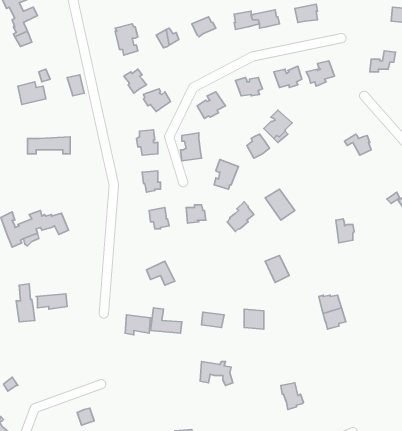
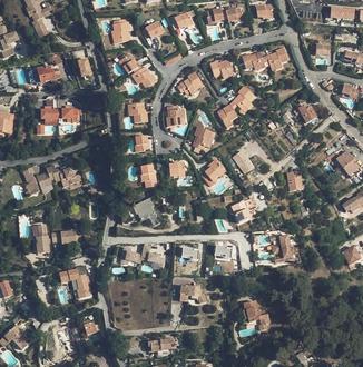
building: none -> [59,265,90,298]

